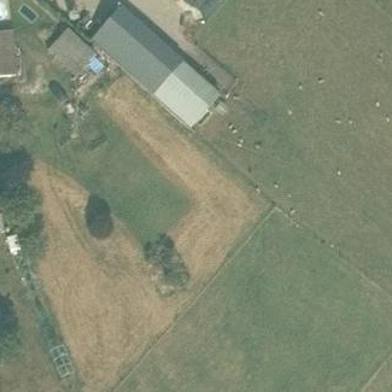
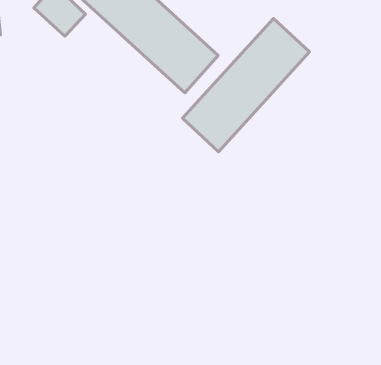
building: none -> [182,18,310,152]

